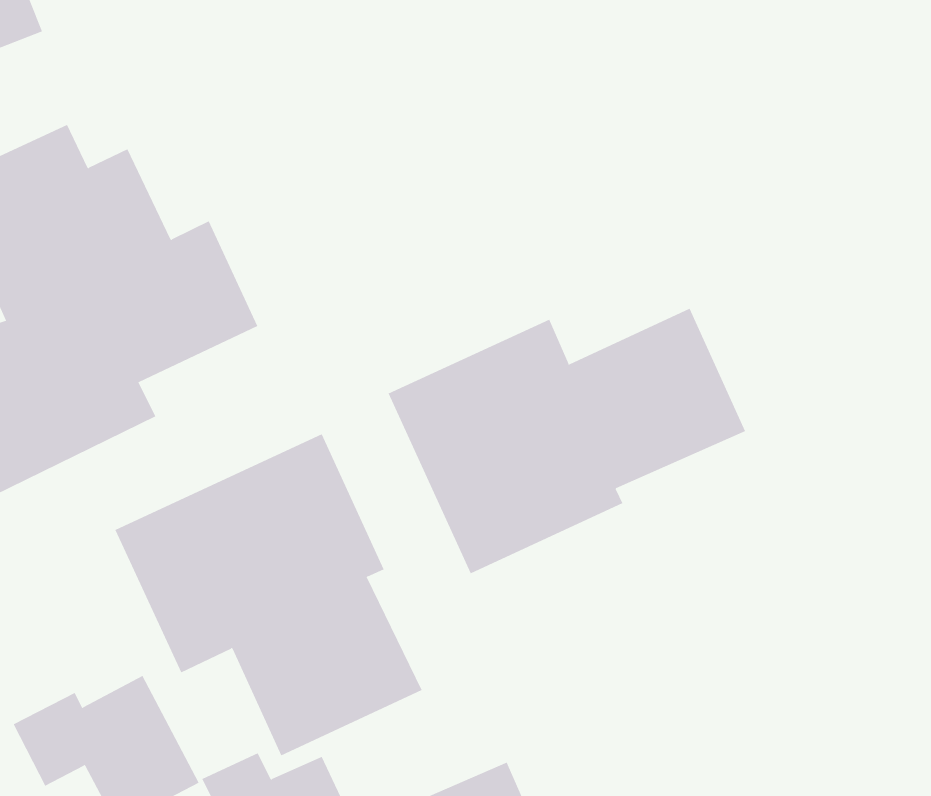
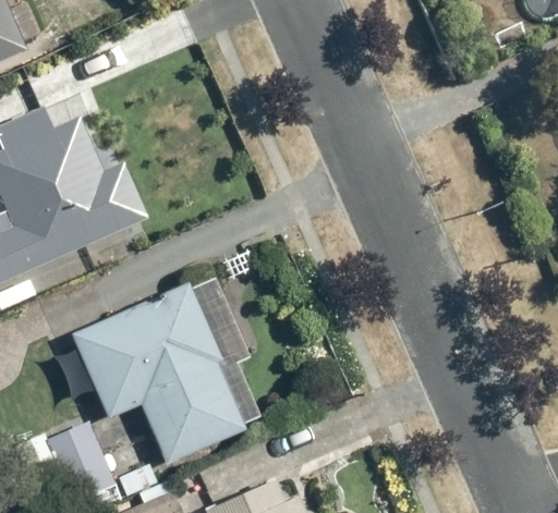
building: [388,308,746,574] -> none

